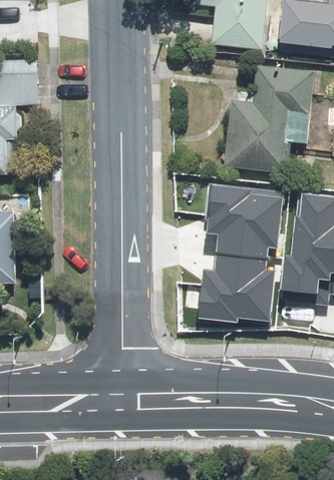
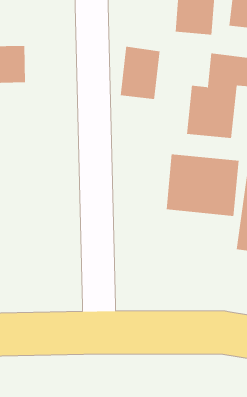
building: none -> [120,46,160,100]
building: [199,254,285,325] -> none

